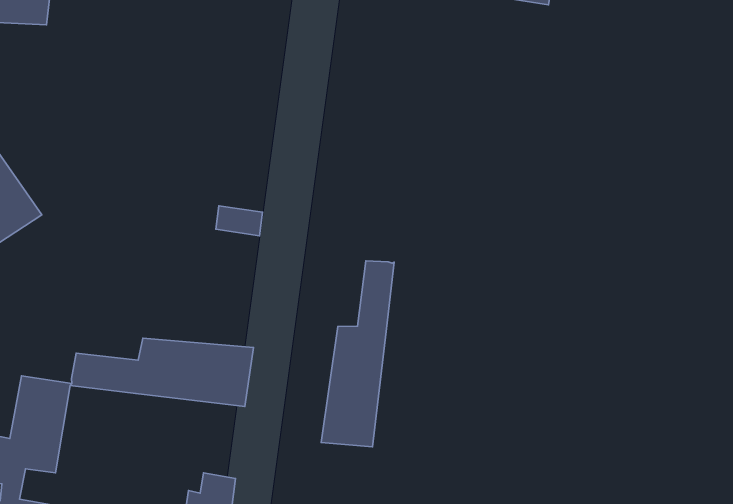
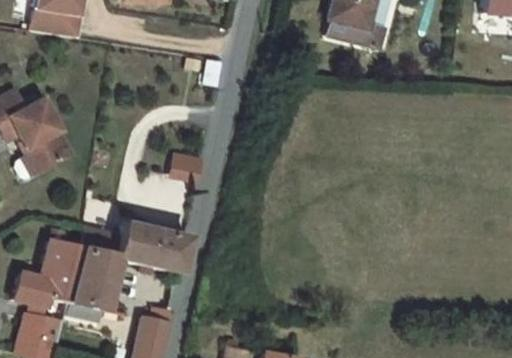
building: [321,261,394,447] -> none
building: none -> [64,254,116,317]

